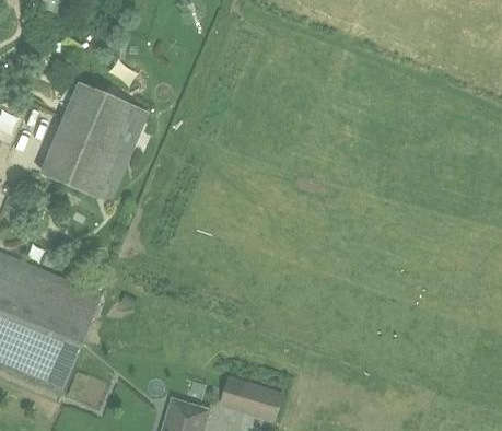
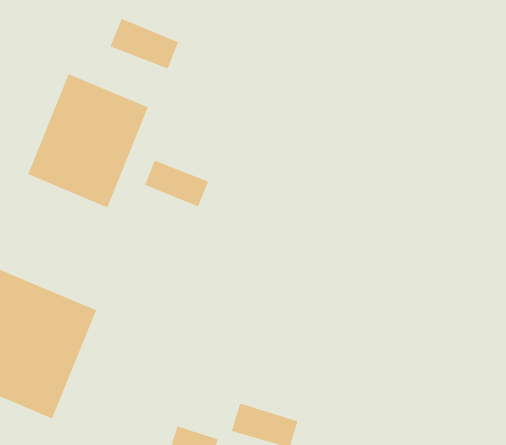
building: none -> [110,18,179,70]
building: none -> [144,160,209,207]

